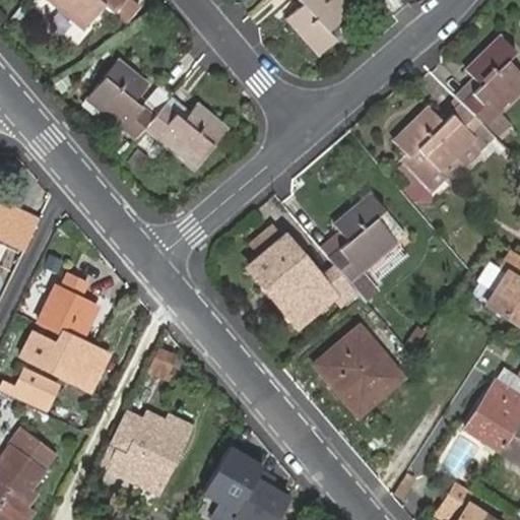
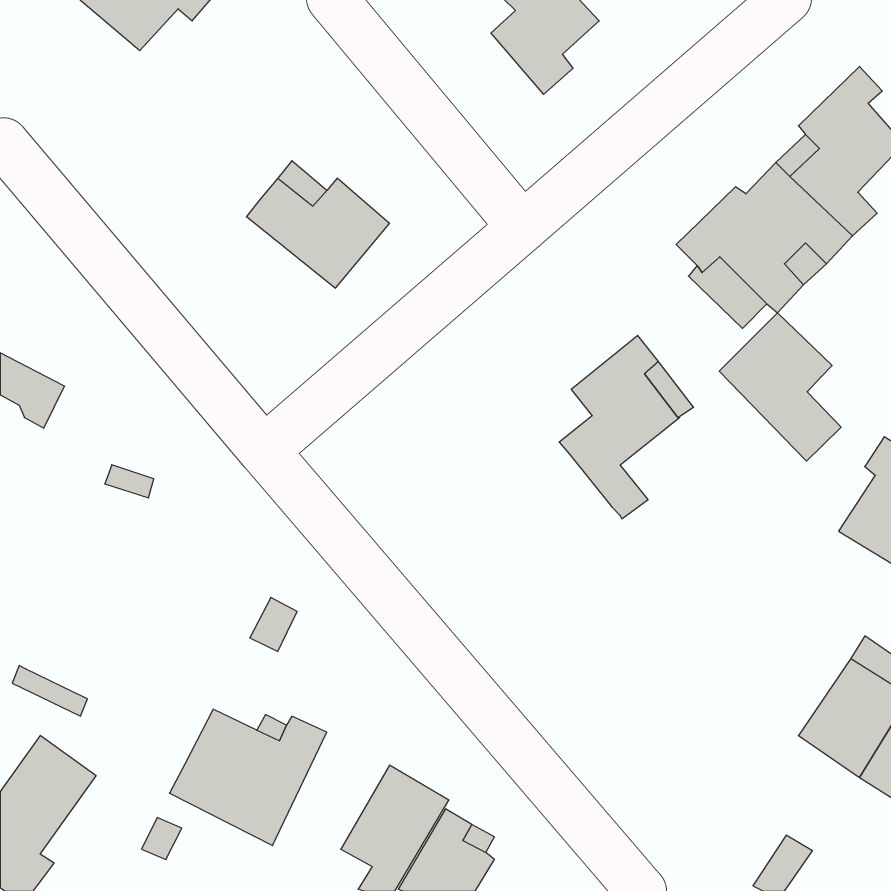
building: [85,60,152,138] -> none
building: none -> [719,313,841,461]
building: [250,239,356,321] -> none
building: [22,284,110,389] -> none
building: [315,328,402,416] -> none
building: [16,370,59,405] -> none

